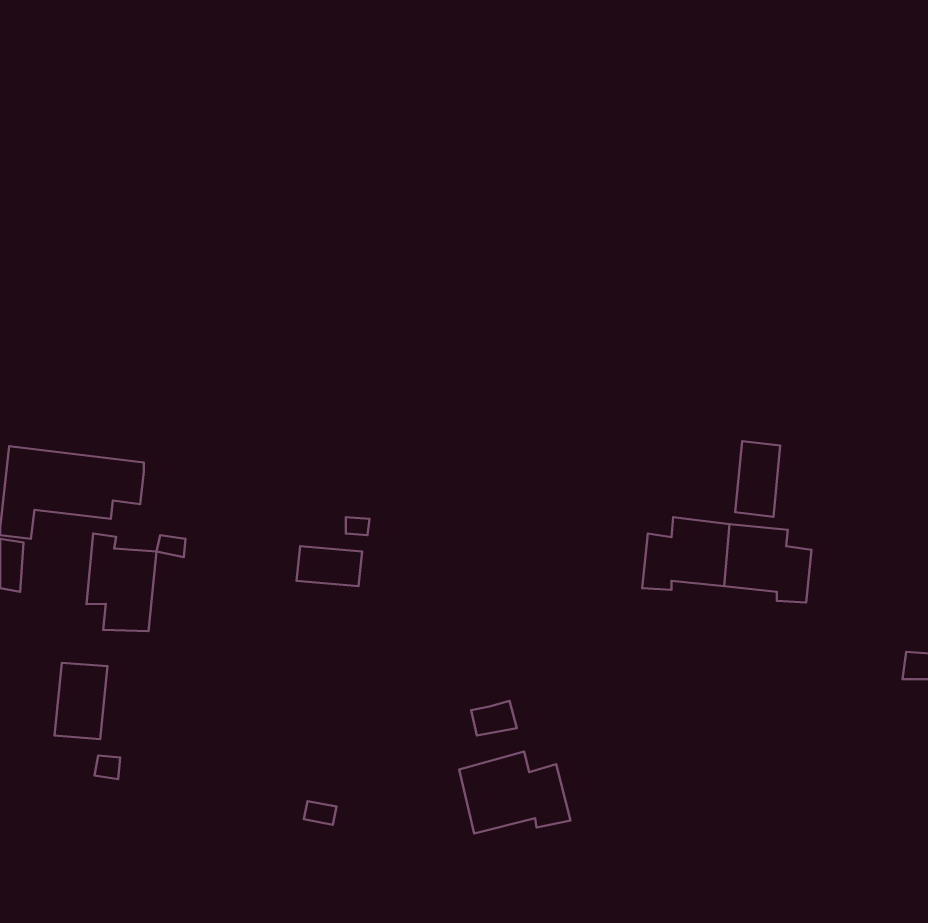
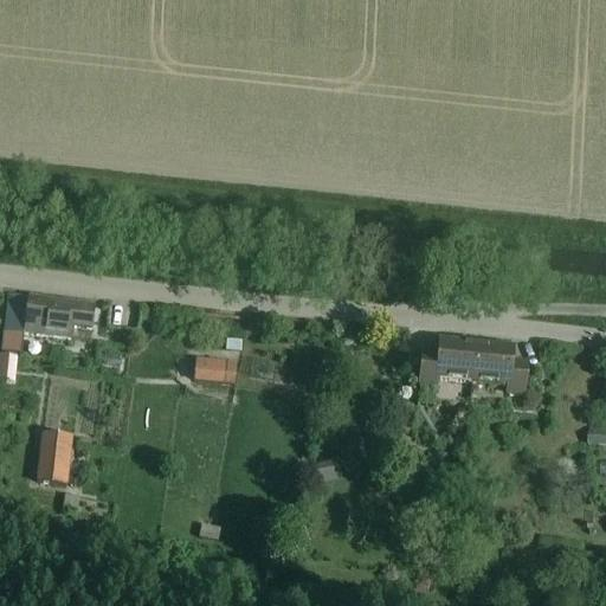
building: [735,441,780,517] -> none
building: [87,534,156,631] -> none
building: [459,752,570,834] -> none

